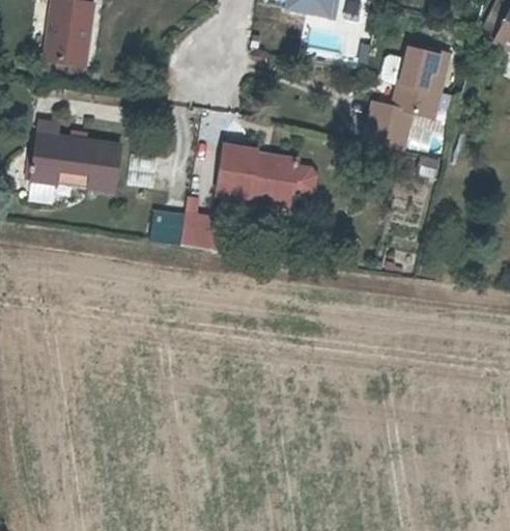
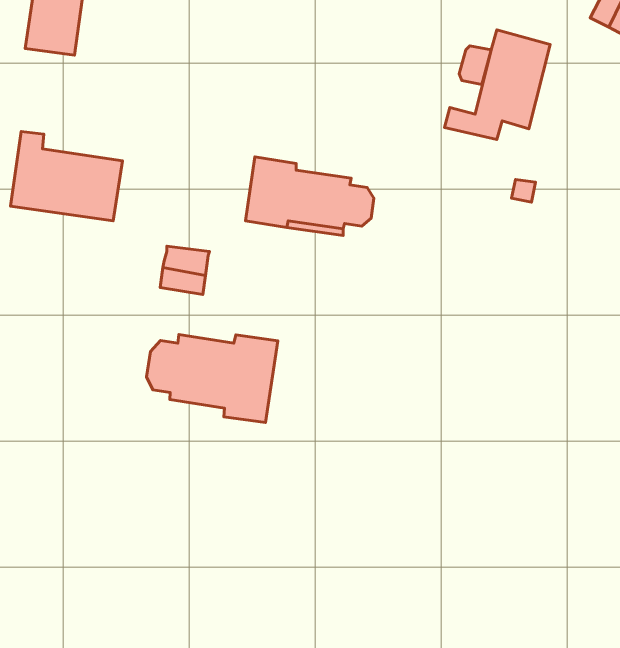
building: [365,117,410,147] -> none
building: [182,217,220,251] -> none
building: none -> [146,335,278,423]

